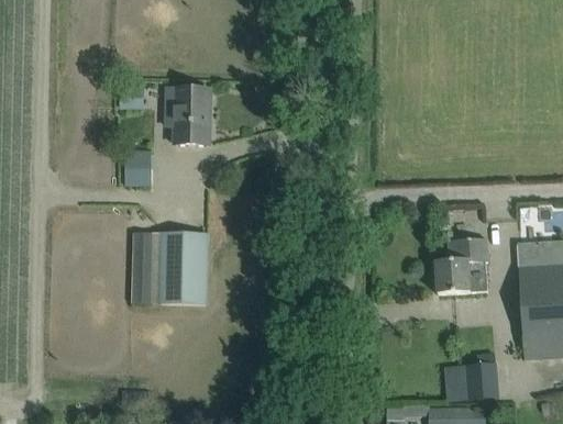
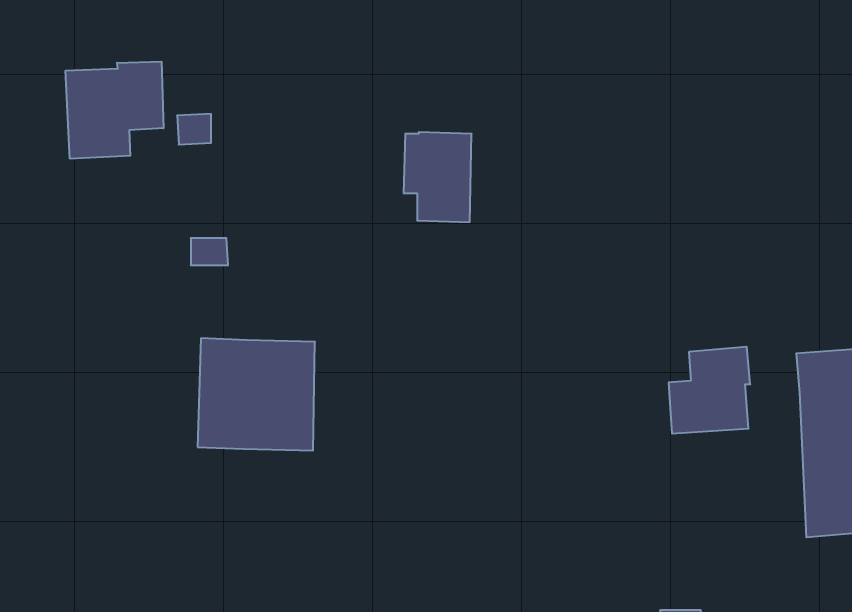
building: none -> [66,62,163,159]
building: [166,87,210,145] -> [404,132,472,222]
building: [445,355,500,400] -> none

